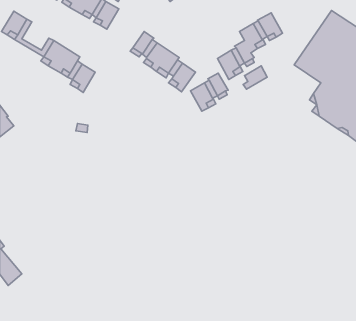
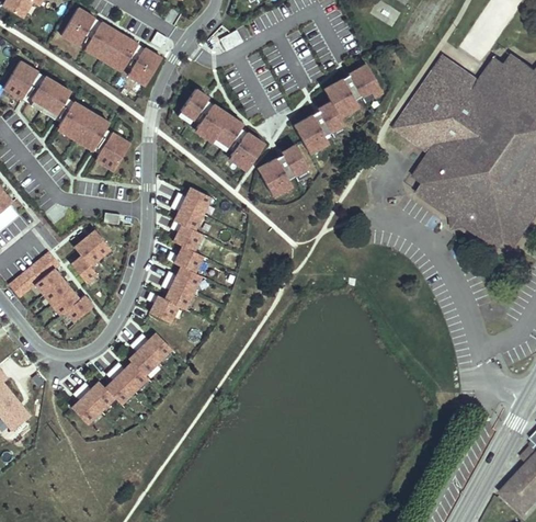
building: none -> [31,75,70,113]
building: [243,66,267,89] -> none
building: none -> [146,185,210,321]
building: none -> [70,229,110,282]
building: none -> [9,251,93,320]
building: none -> [71,331,171,429]

